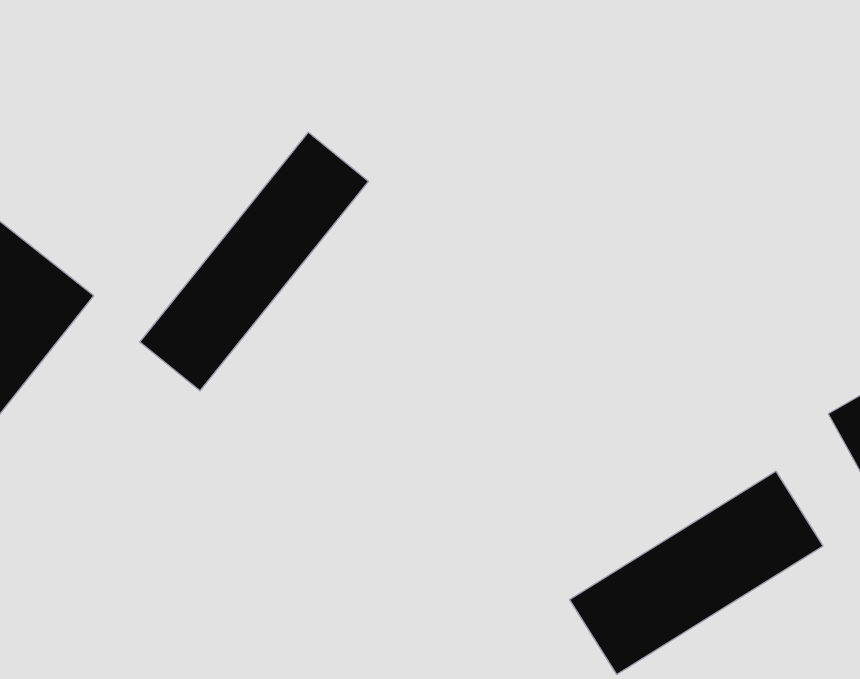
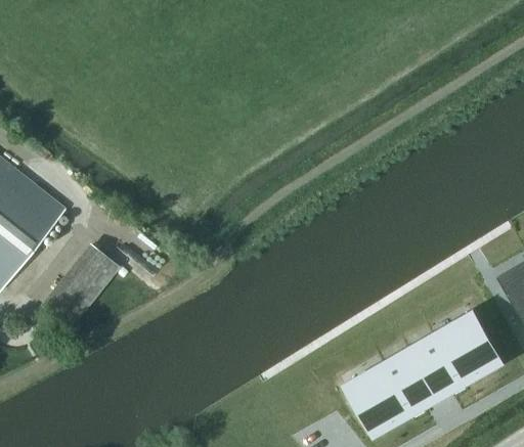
building: [140,132,368,391] -> none
building: none -> [39,242,120,329]

